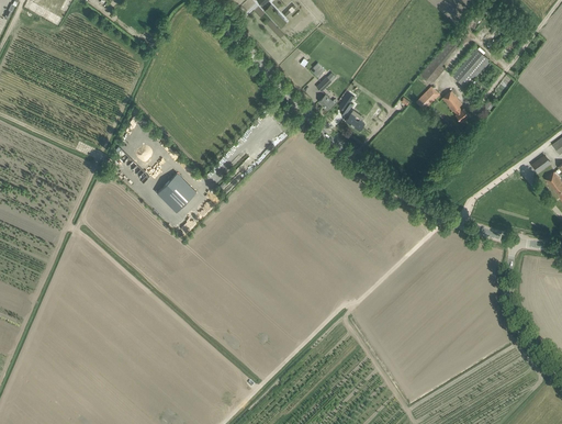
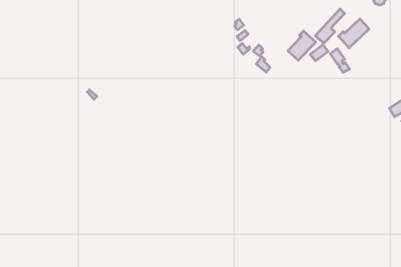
building: none -> [288,31,316,60]
building: [157,174,195,212] -> none

